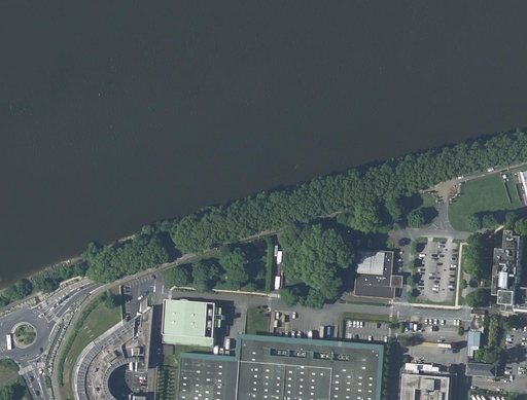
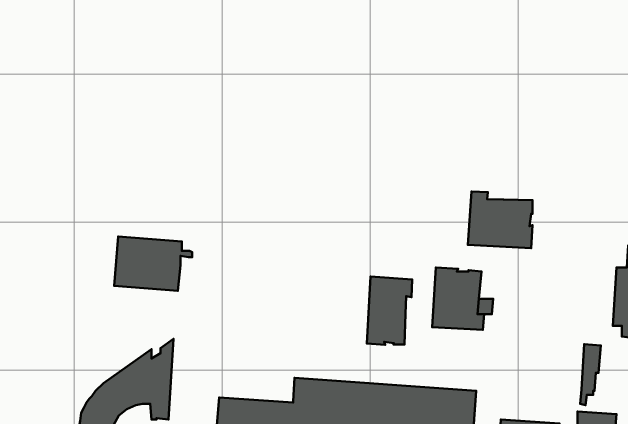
building: none -> [468,192,533,248]
building: none -> [367,277,412,345]
building: [163,303,224,347] -> [114,236,192,291]

